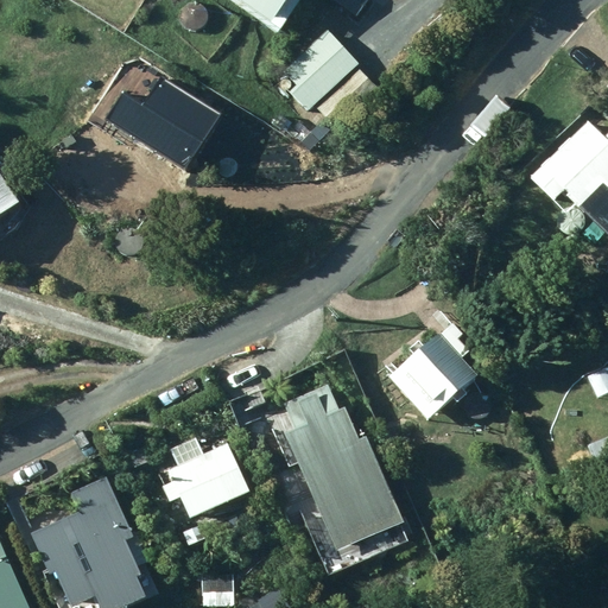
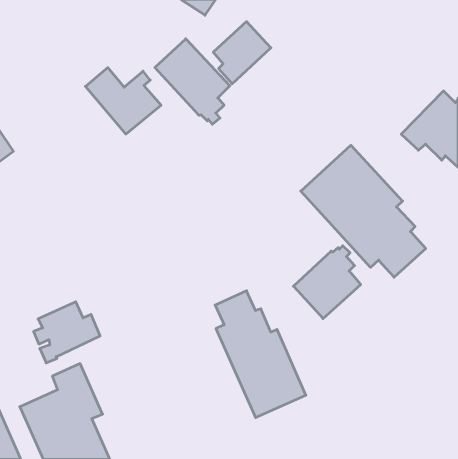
building: none -> [155,39,230,124]
building: none -> [301,145,426,277]
building: [160,446,248,527] -> [34,302,100,363]

